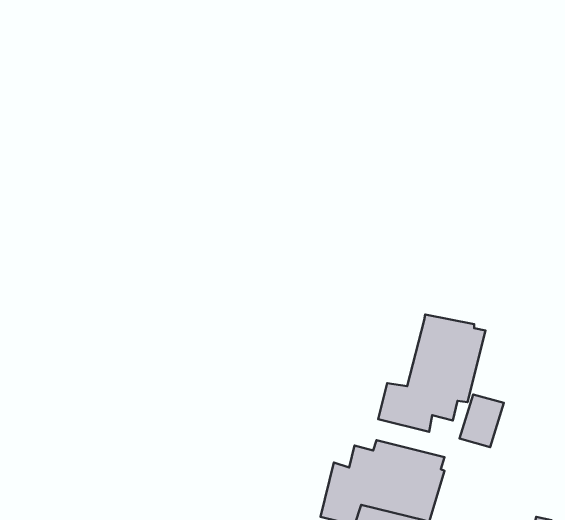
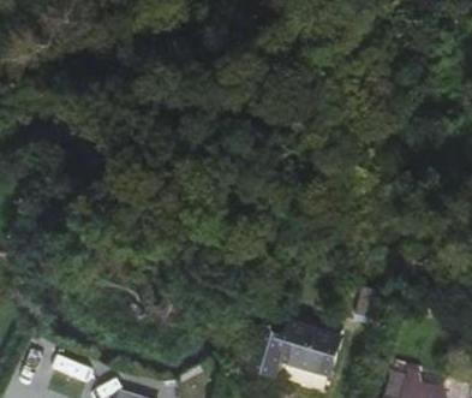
building: [378,314,486,432] -> none

